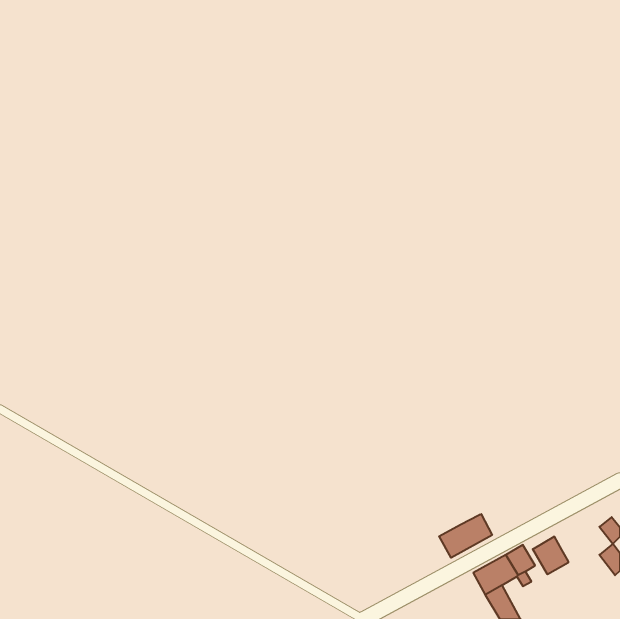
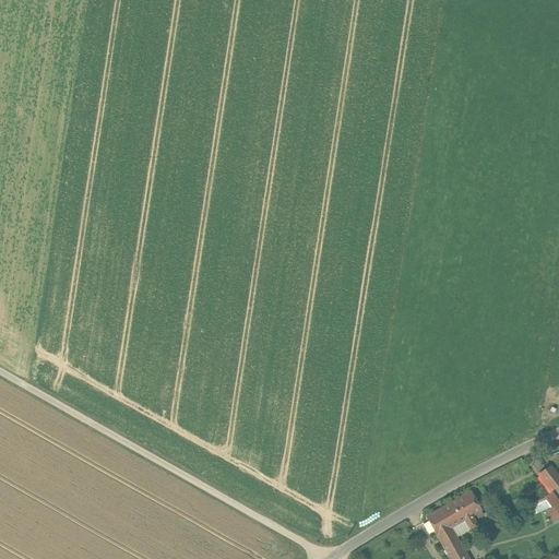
building: [439,514,492,558] -> none
building: [533,536,568,574] -> none

